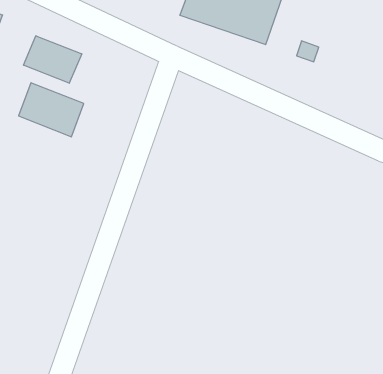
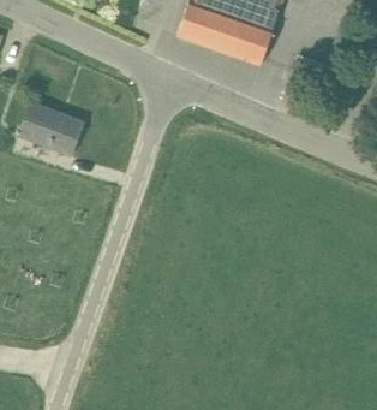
building: [24,36,82,83] -> none

